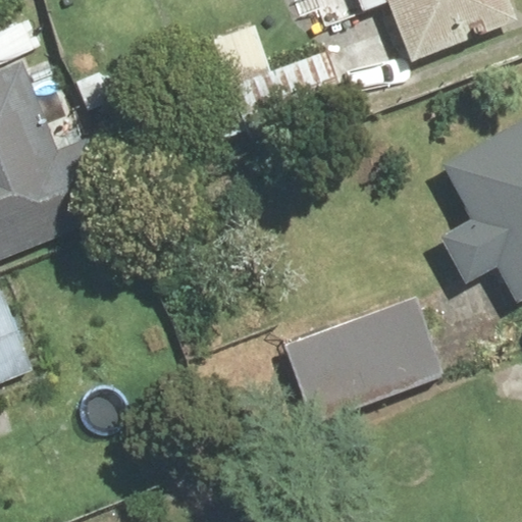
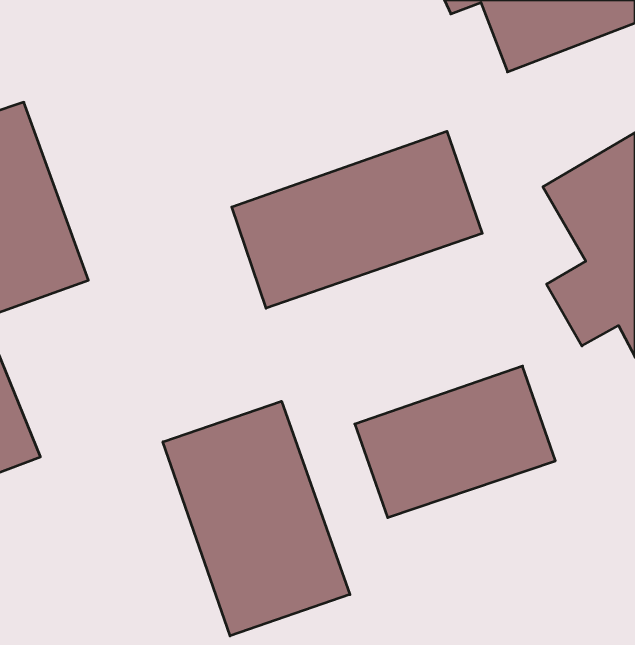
building: none -> [232,131,482,308]
building: none -> [163,401,350,636]

